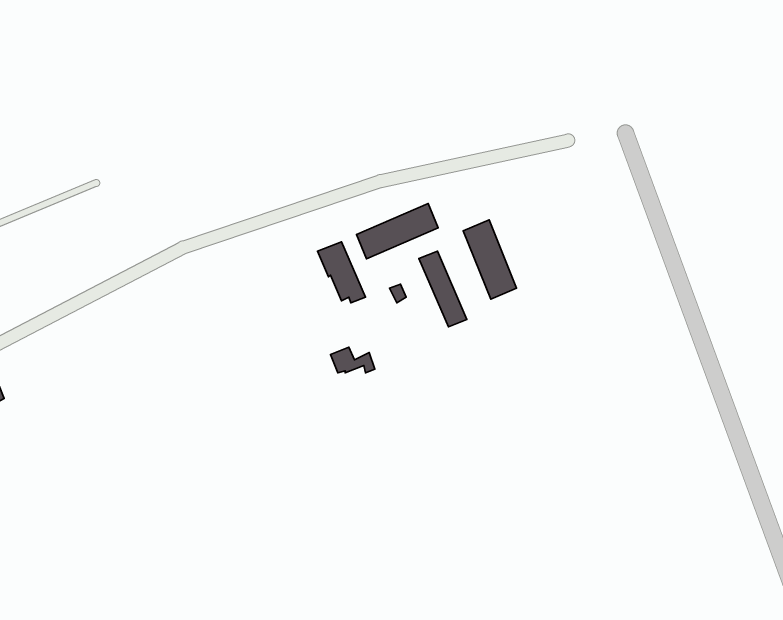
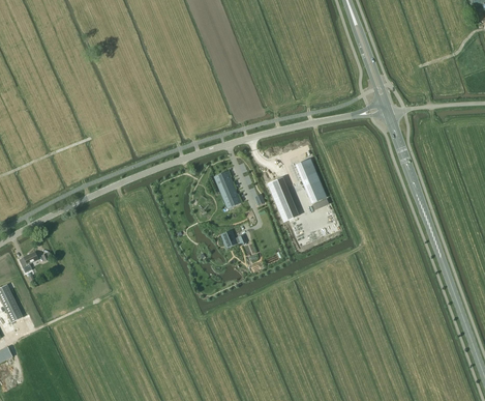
building: [357,203,438,259] -> none

